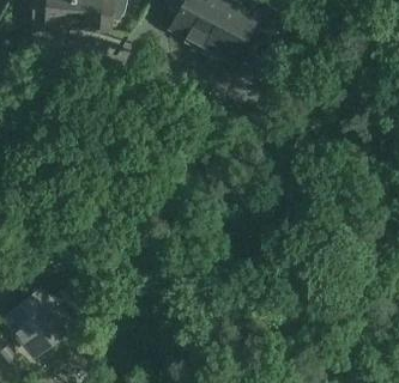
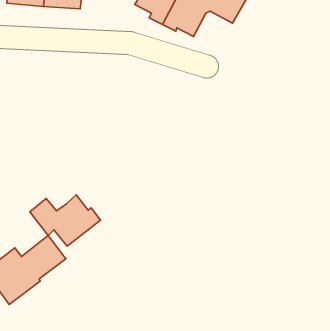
building: none -> [30,195,101,246]

